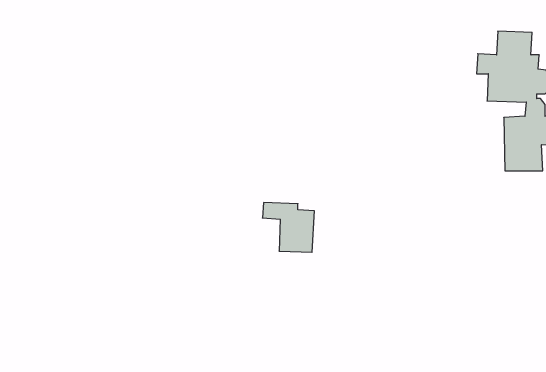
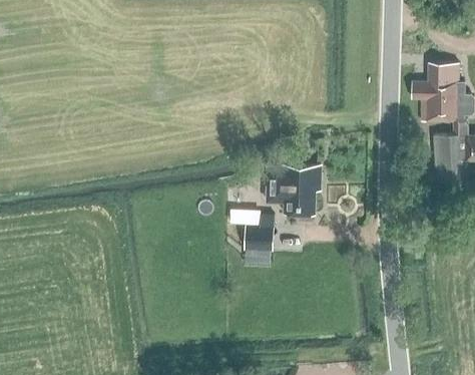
building: none -> [276,164,322,214]

